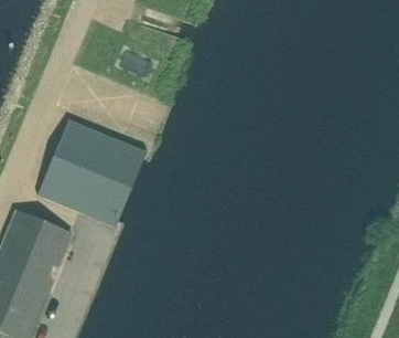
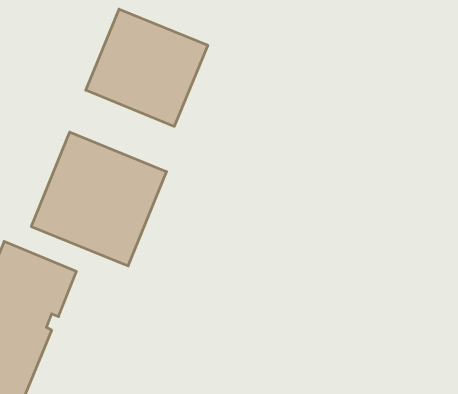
building: none -> [86,9,208,126]

